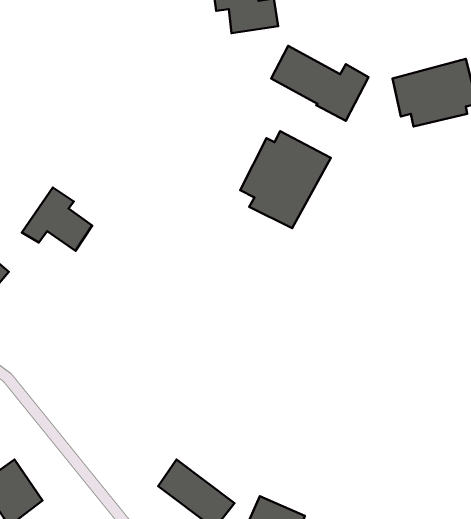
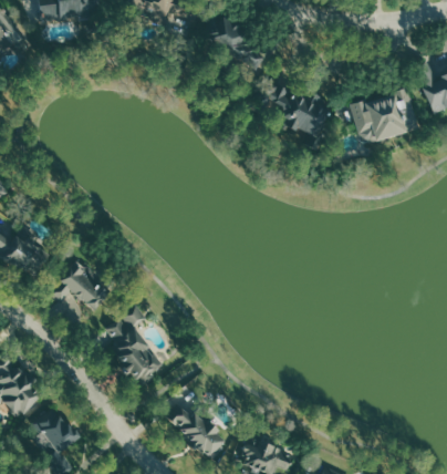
building: [240,131,331,228] -> none
building: [22,187,92,251] -> [50,260,105,310]
building: none -> [103,308,163,385]

